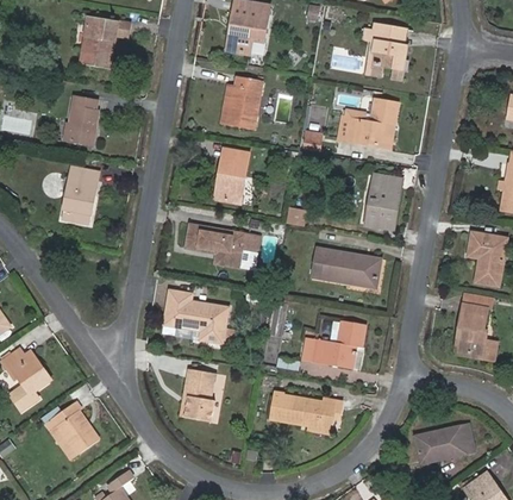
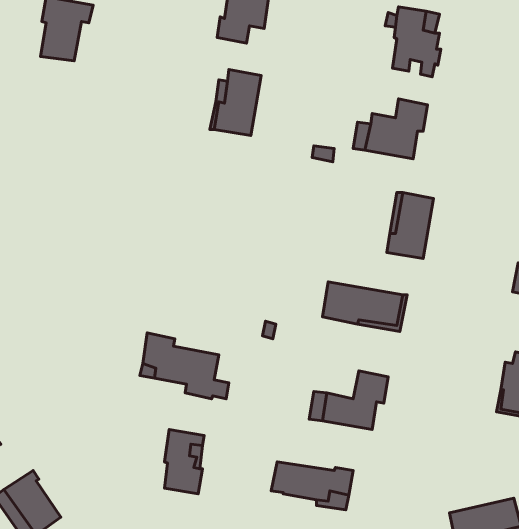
building: [65,95,99,145] -> none
building: [218,149,249,202] -> none
building: [61,165,99,224] -> none
building: [186,224,259,267] -> none

